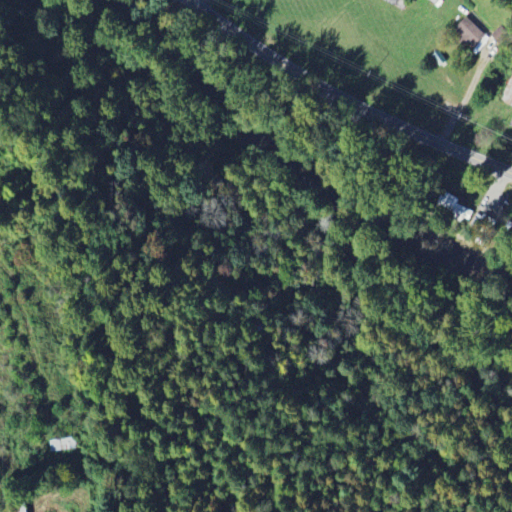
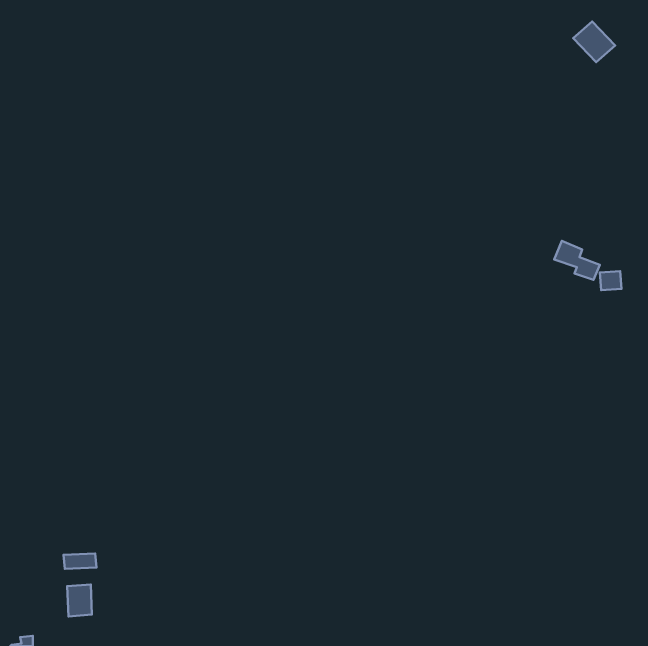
building: none -> [67,584,92,616]

